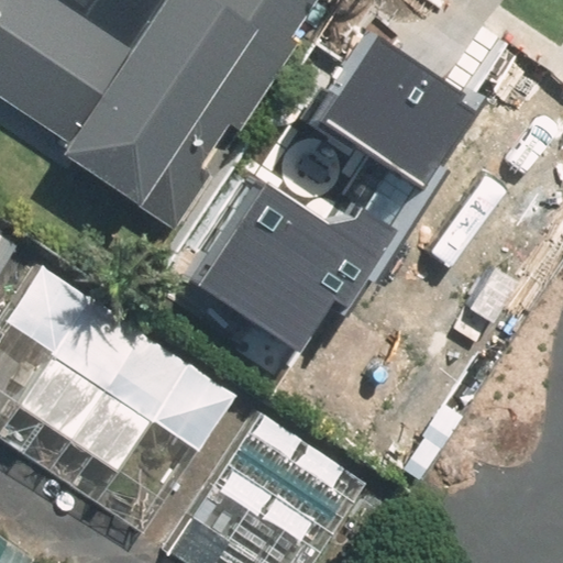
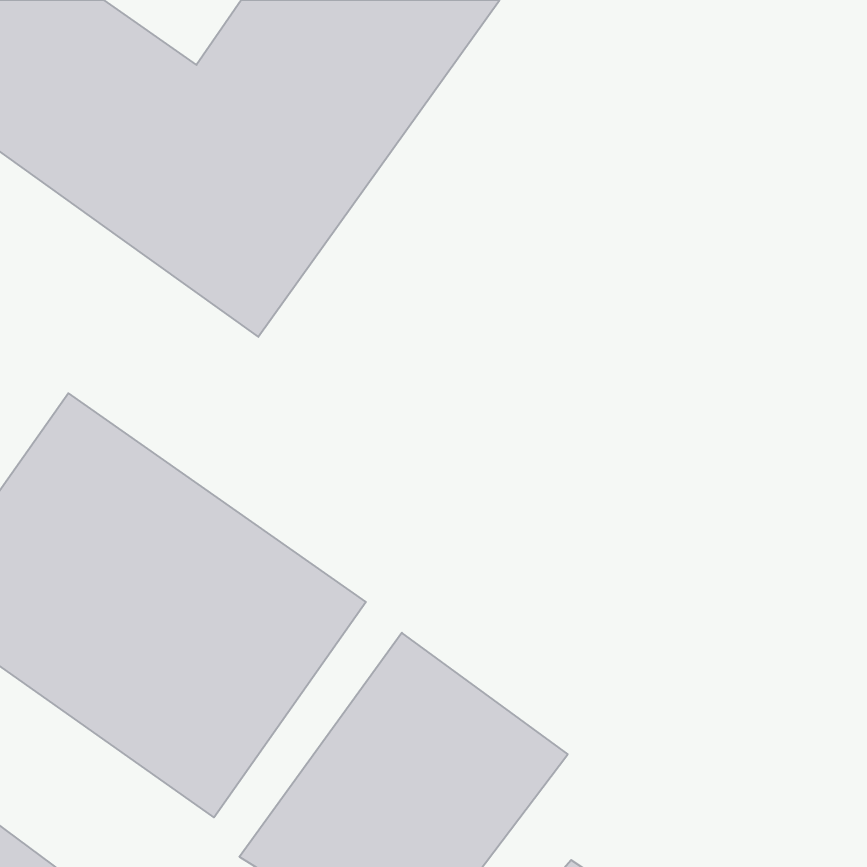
building: [311,36,472,197] -> none
building: [191,187,391,355] -> none

